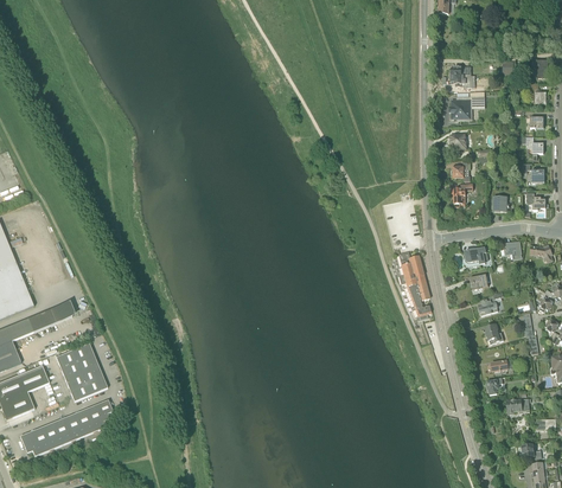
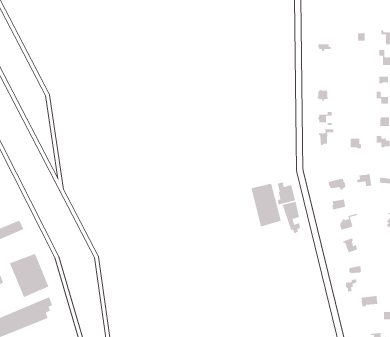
building: [449,90,485,120] -> none
building: none -> [251,183,282,228]

